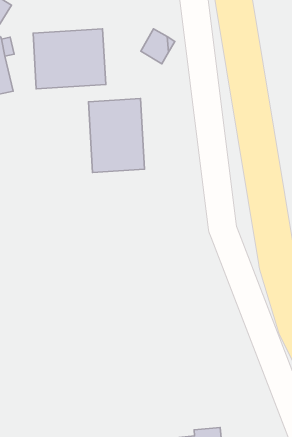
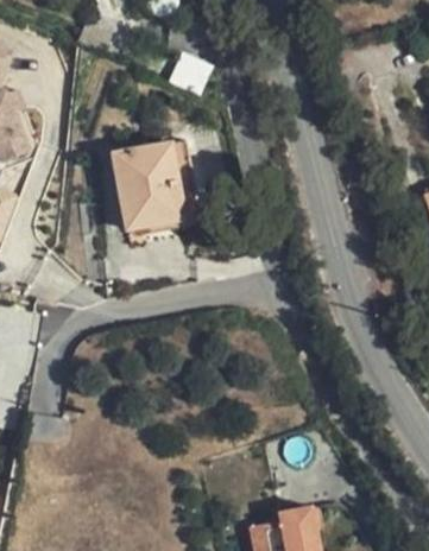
building: [33,29,106,89] -> none

